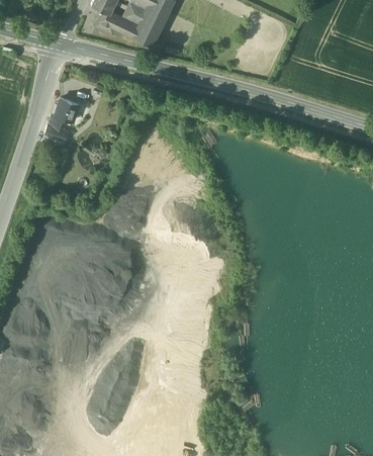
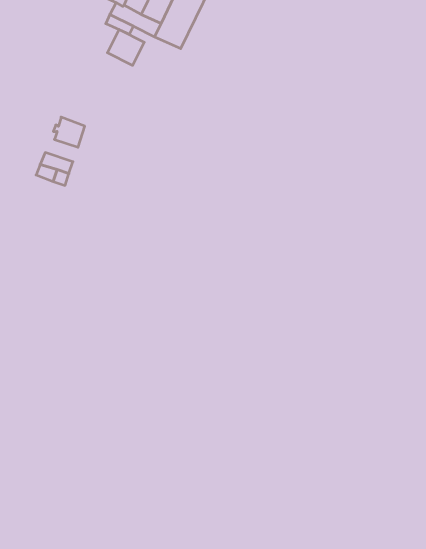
building: none -> [107,29,144,65]

